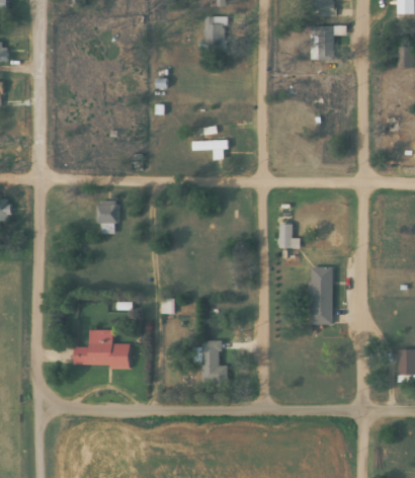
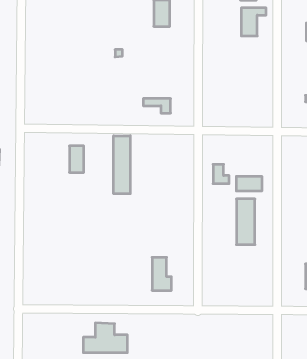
building: none -> [114,136,130,194]
building: none -> [236,176,262,191]
building: [73,328,129,366] -> [83,323,127,353]

